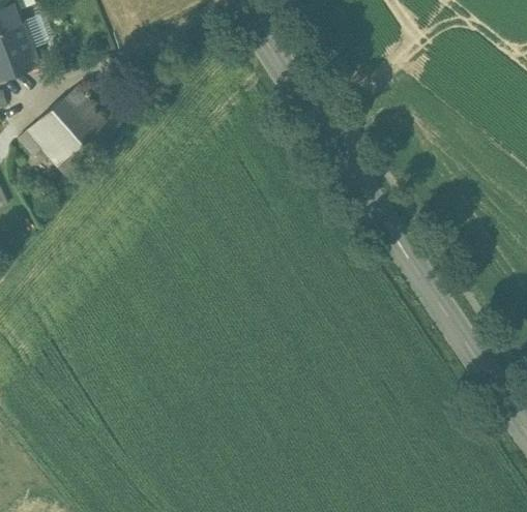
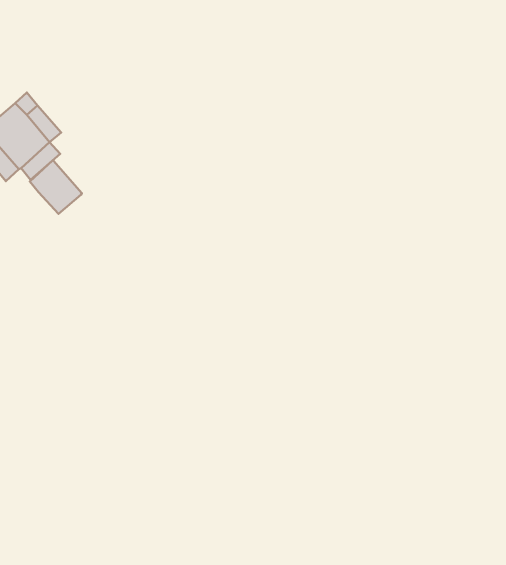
building: none -> [30,161,82,214]

